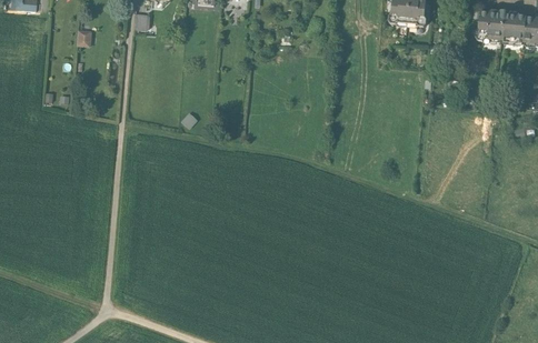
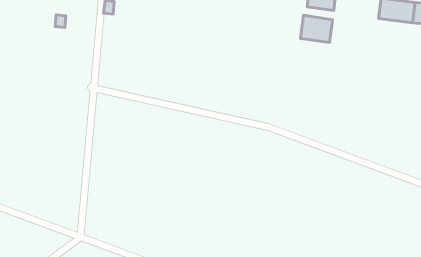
building: none -> [300,15,332,42]

